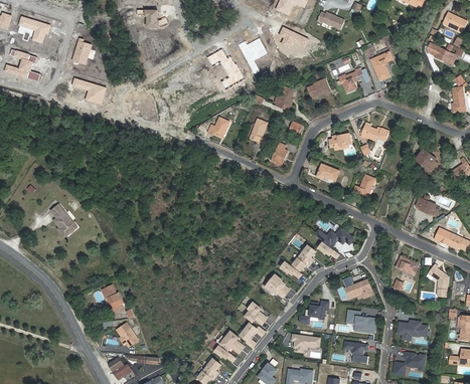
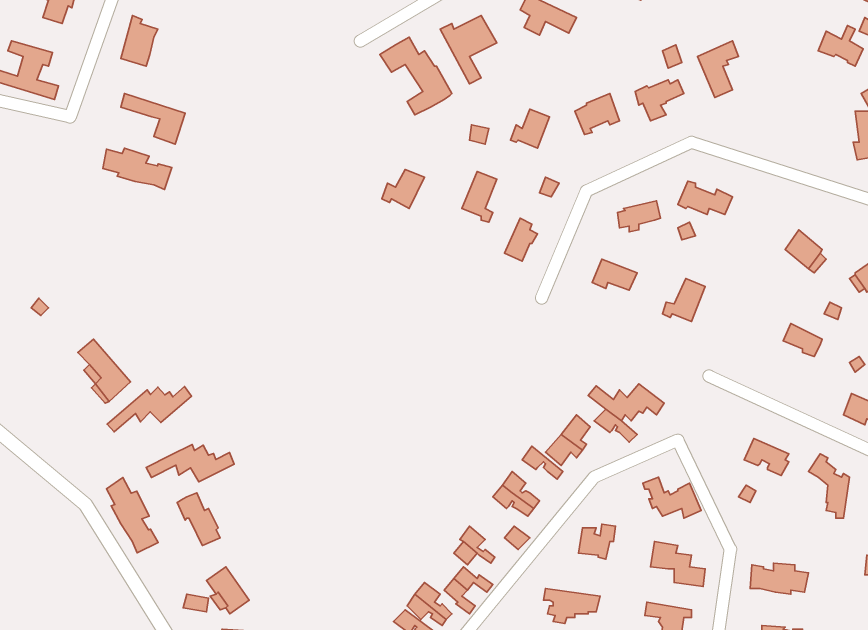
building: none -> [103,148,172,189]
building: none -> [107,386,191,432]
building: none -> [146,445,234,482]
building: none -> [106,478,158,553]

